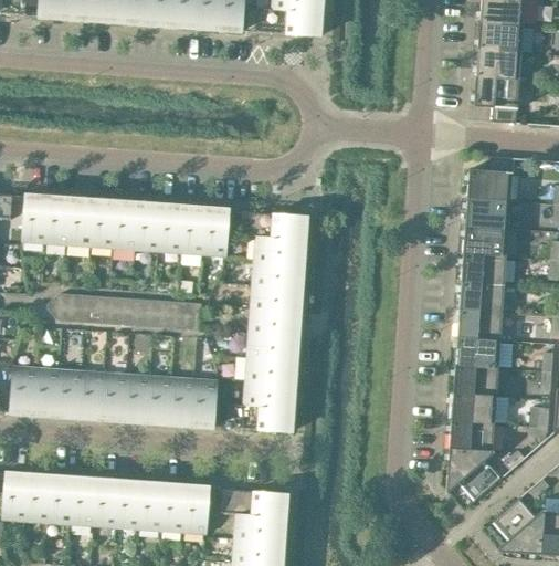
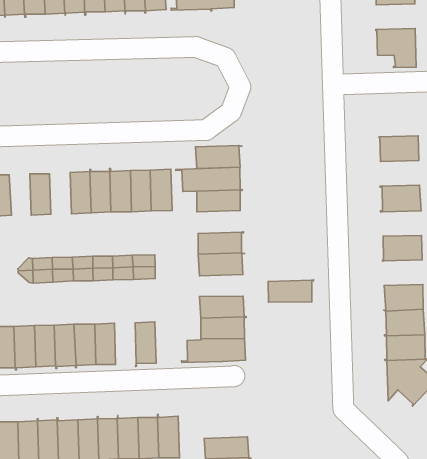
building: [476,49,523,80] -> none
building: [467,156,515,200] -> none
building: [48,193,73,244] -> none
building: [92,197,118,248] -> none
building: [463,224,509,255] -> none
building: [254,260,307,287] -> [195,145,242,169]
building: [460,281,506,312] -> none
building: [249,332,302,359] -> [268,280,314,302]
building: [456,336,502,367] -> none
building: [147,375,173,423] -> none
building: [192,378,219,426] -> none
building: [217,488,288,517] -> none

